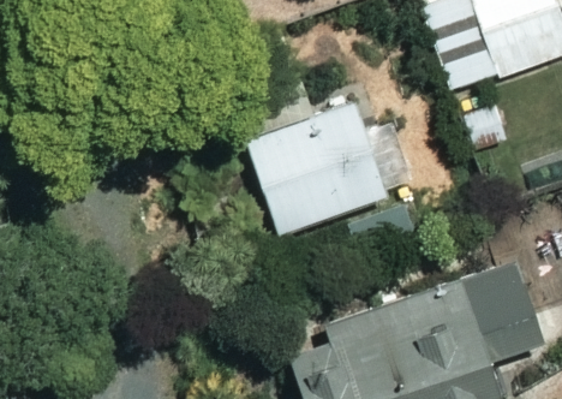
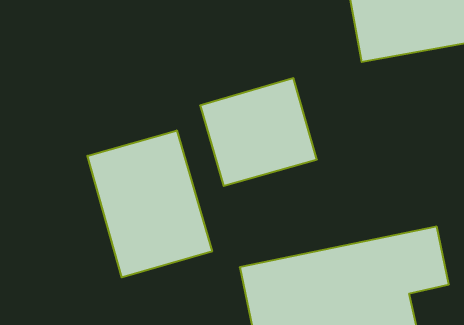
building: none -> [87,130,212,277]

